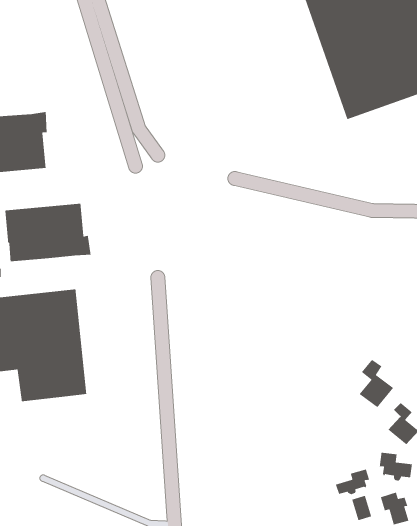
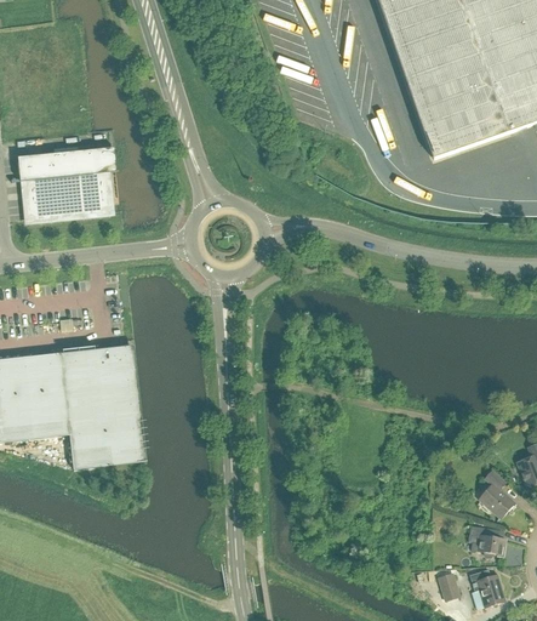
building: [5,203,91,262] -> none
building: [359,359,394,408] -> none
building: [335,468,370,495] -> none

